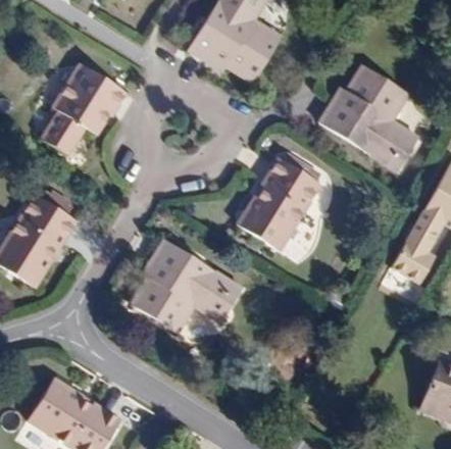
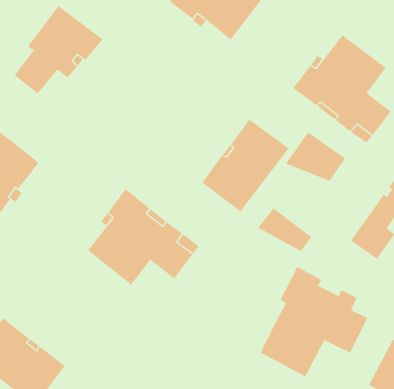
building: none -> [285,132,346,181]
building: none -> [257,208,312,252]
building: none -> [260,266,368,377]

